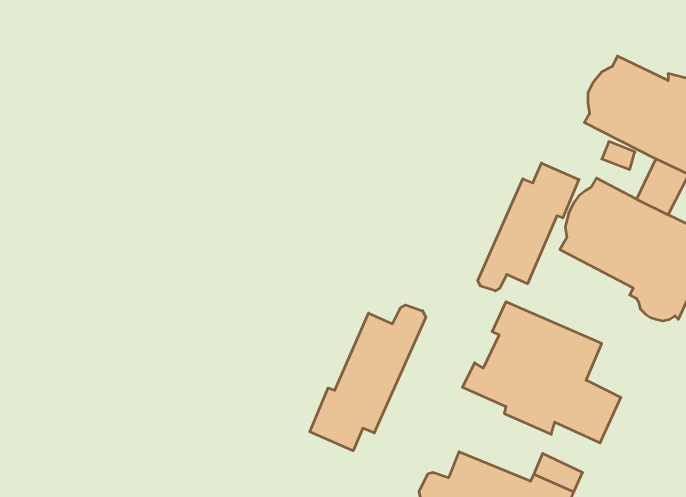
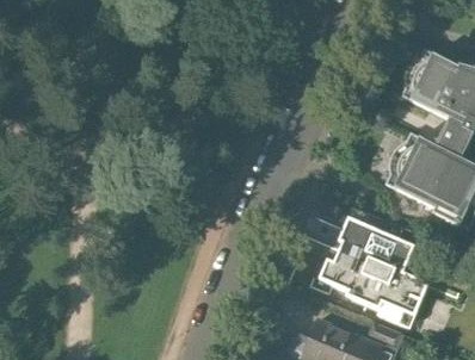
building: [478,163,579,291] -> none
building: [310,305,426,451] -> none

